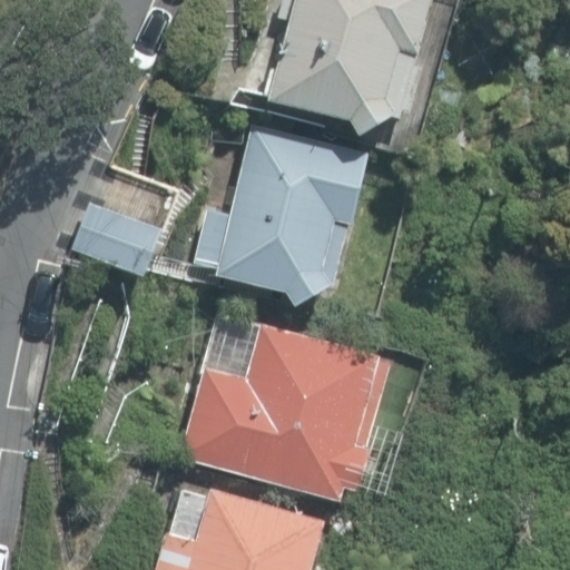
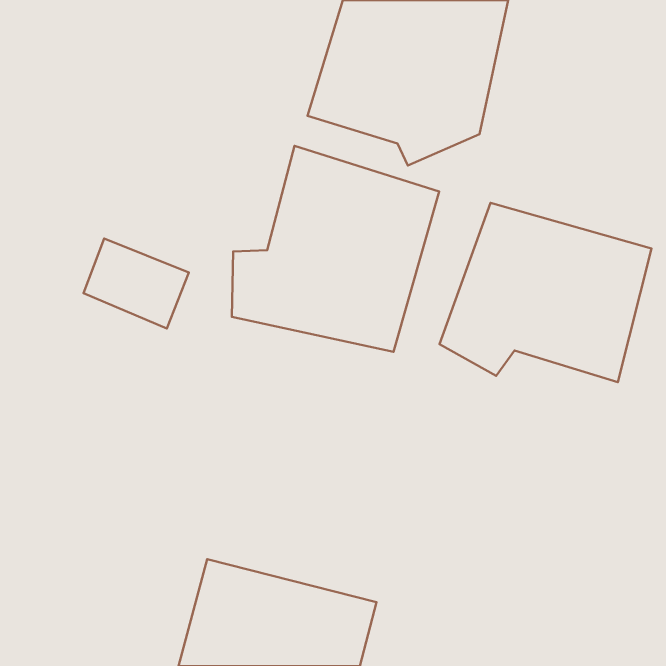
building: none -> [440,203,652,382]
building: [179,325,400,497] -> none

